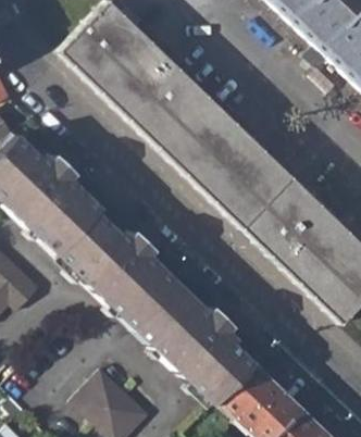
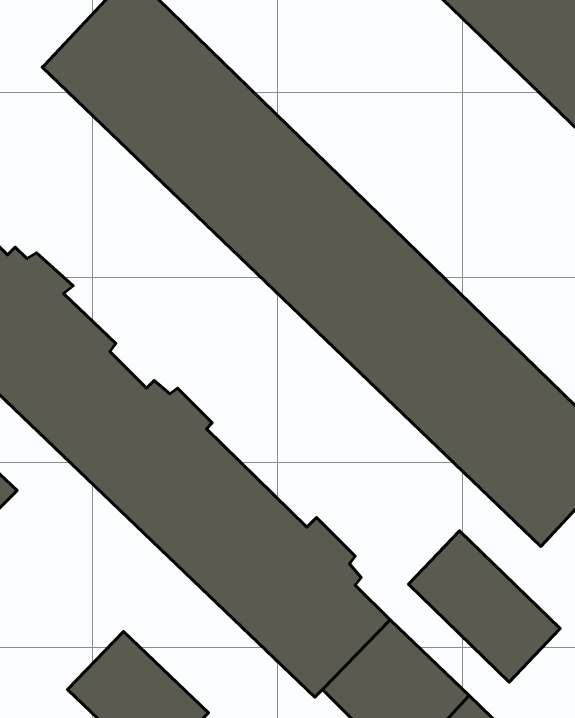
building: none -> [409,531,560,682]

